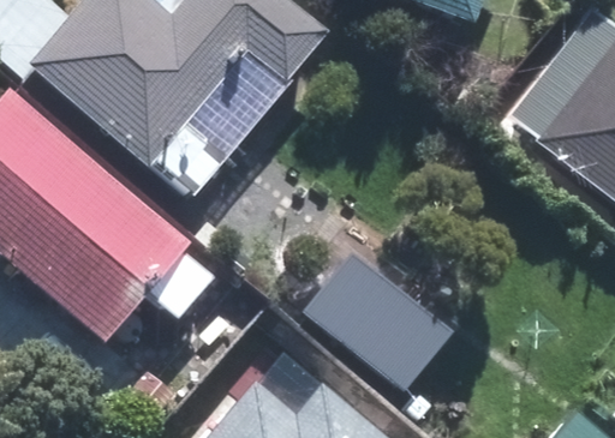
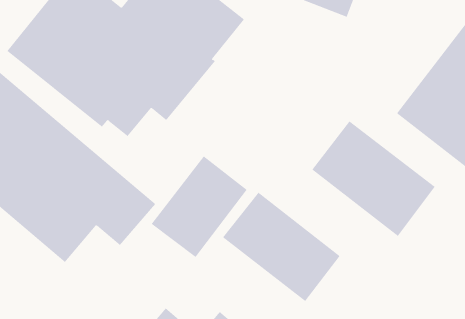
building: none -> [311,121,436,237]
building: none -> [151,155,248,258]

